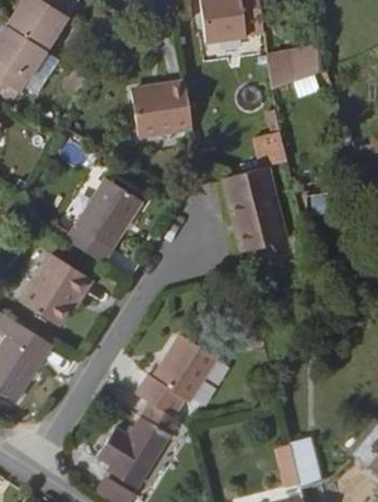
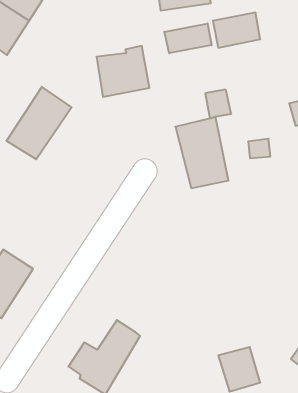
building: none -> [164,23,212,53]
building: [68,179,144,265] -> [6,87,72,159]
building: [24,256,94,329] -> none
building: [137,338,218,419] -> none

